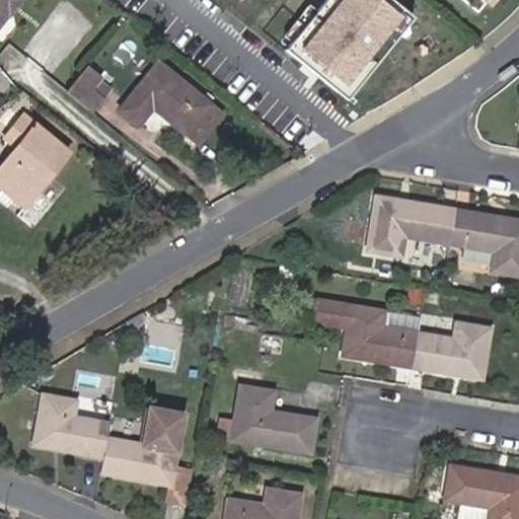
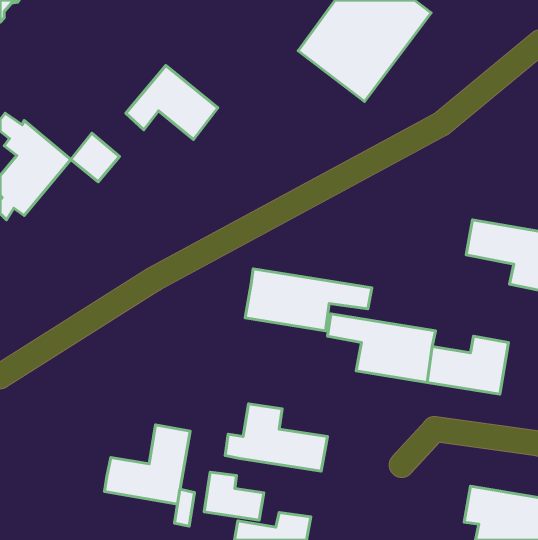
building: [67,67,114,114] -> [71,133,119,182]
building: [367,197,455,255] -> none
building: none -> [245,269,372,331]
building: [36,395,110,457] -> none
building: none -> [204,472,264,520]

